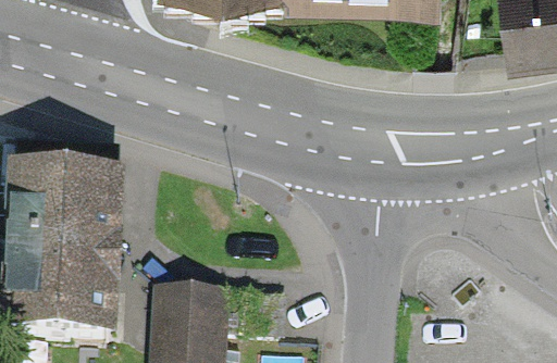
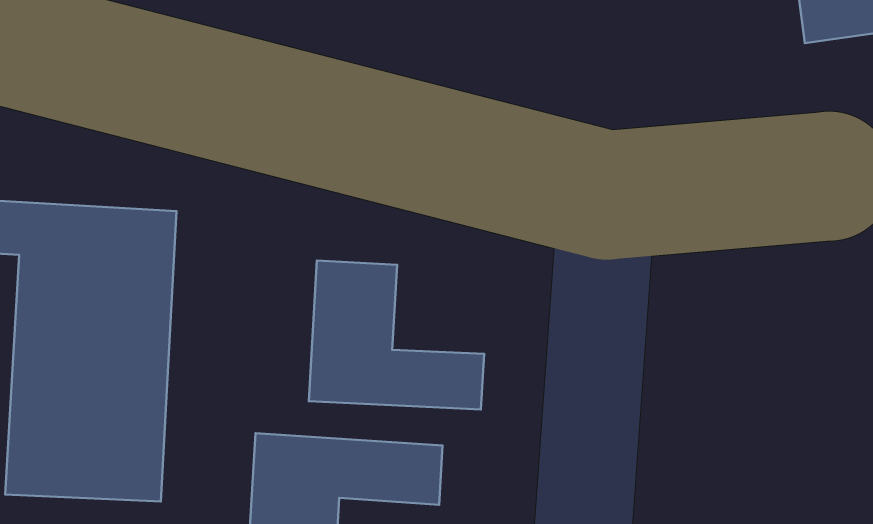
building: none -> [309,260,484,409]

